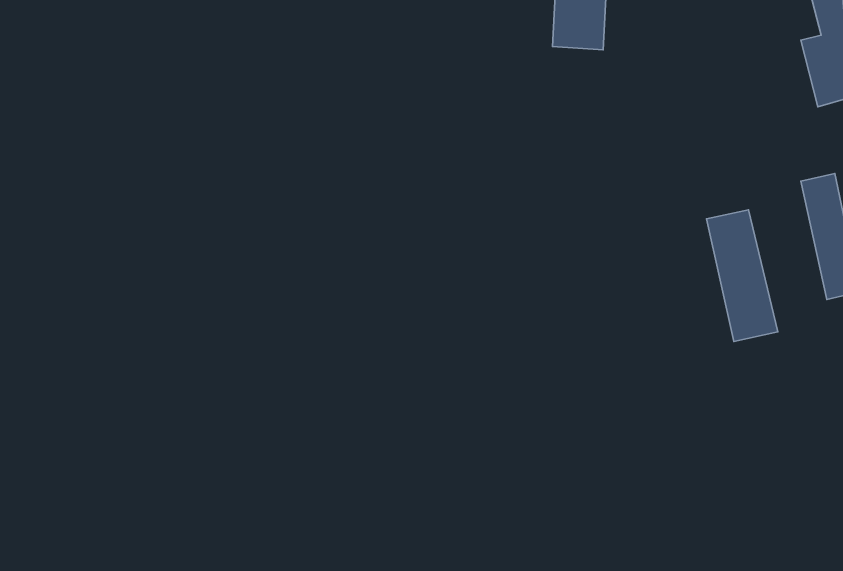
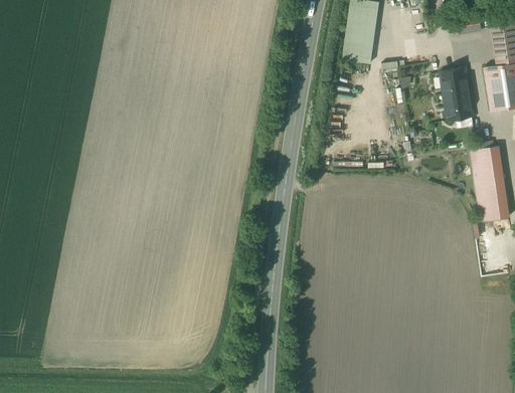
building: none -> [439,67,476,123]
building: [707,210,778,341] -> none

